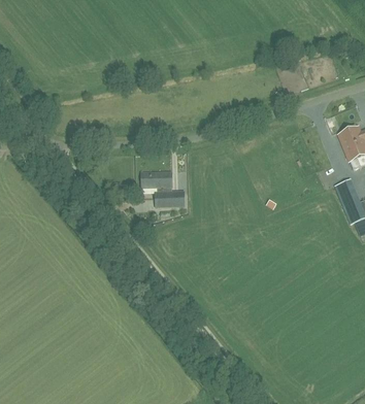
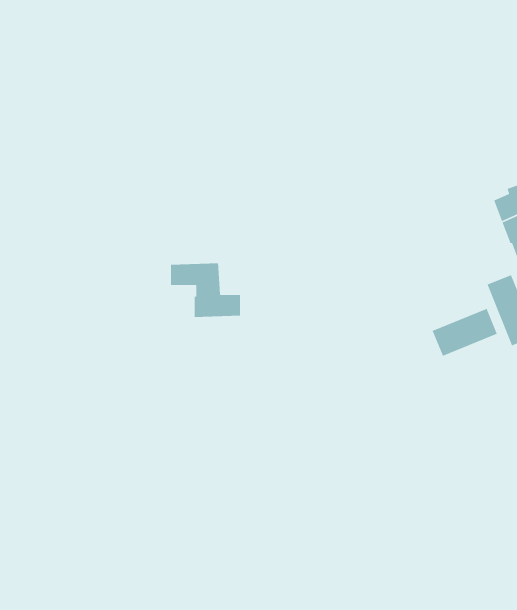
building: none -> [432,308,498,357]

